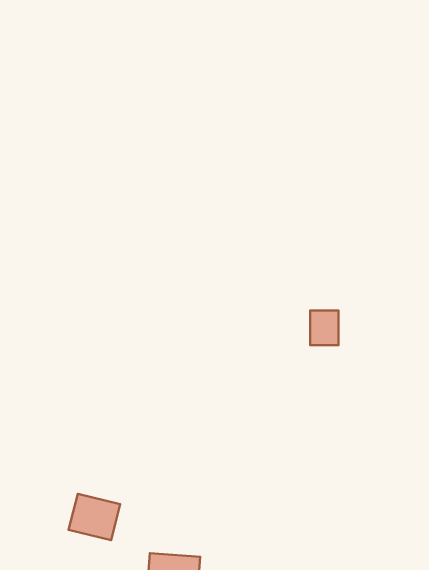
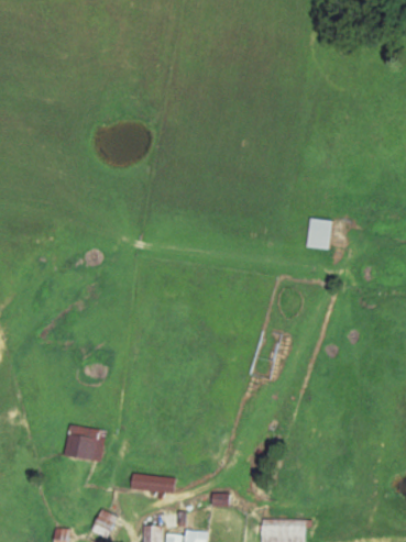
building: [310,310,338,345] -> [307,219,331,248]

